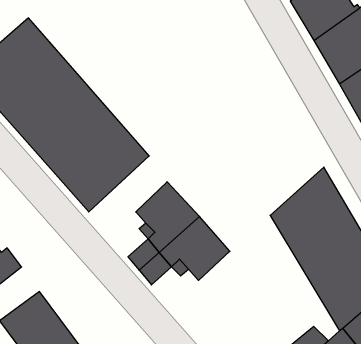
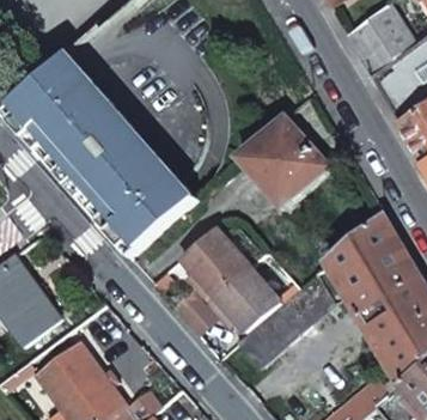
building: none -> [239,116,331,209]
building: none -> [236,274,334,367]

